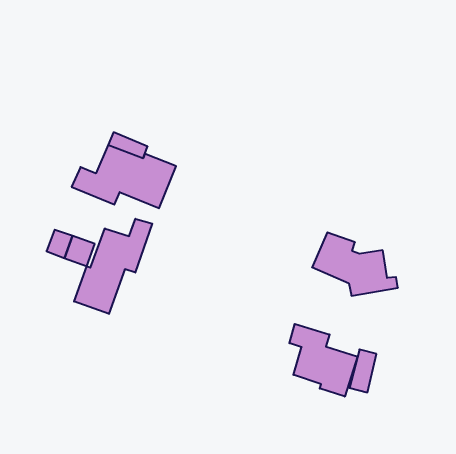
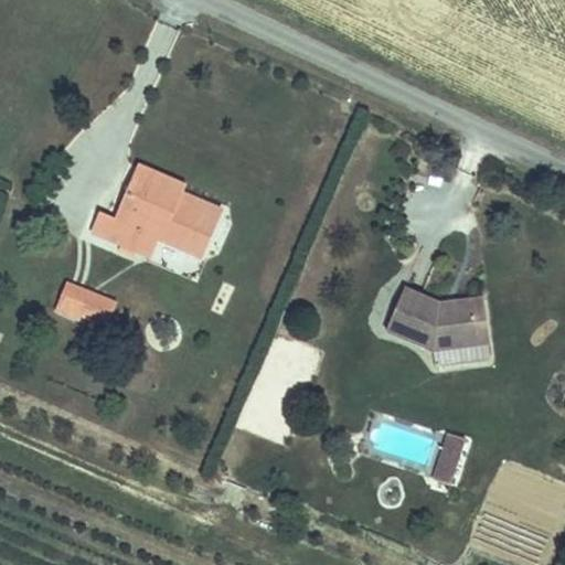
building: [74,219,152,314] -> none
building: none -> [435,296,489,343]
building: [289,324,358,397] -> none

